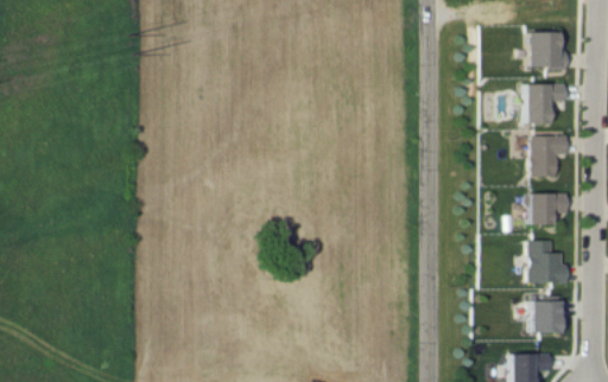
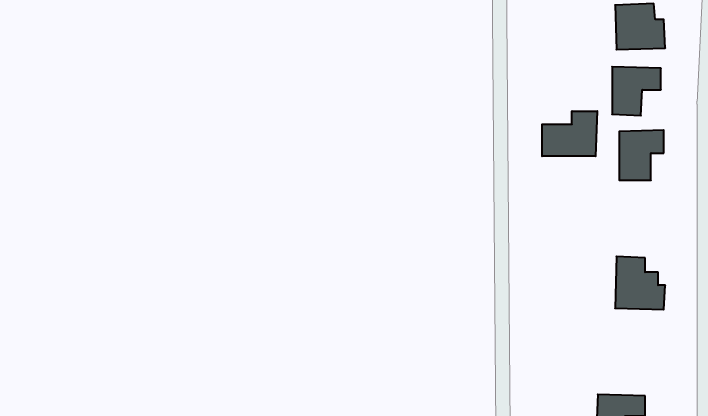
building: none -> [542,111,597,156]
building: [527,193,569,225] -> none
building: [532,295,563,333] -> none

